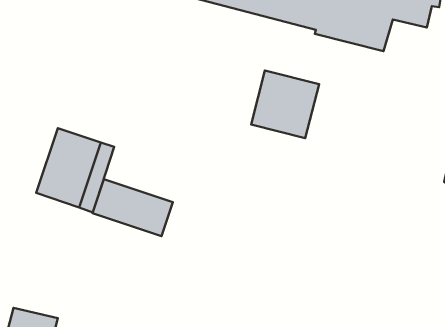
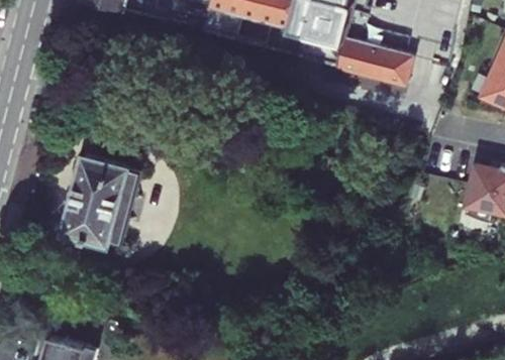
building: [251,70,319,138] -> none
building: [92,179,173,236] -> none

